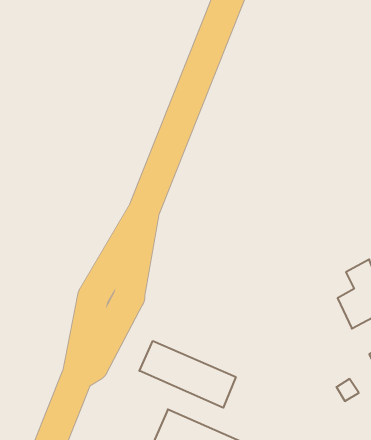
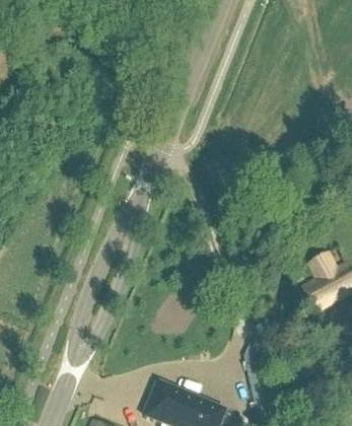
building: [139,341,236,408] -> none

